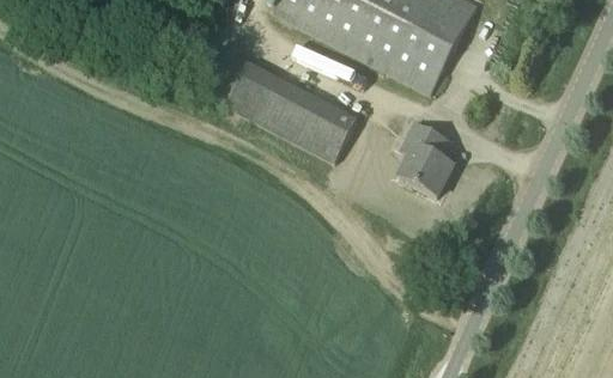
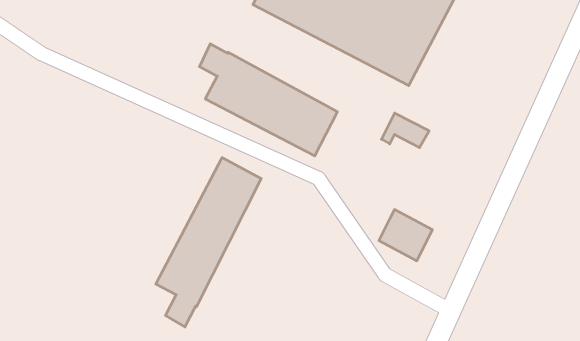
building: [399,142,453,194] -> [379,210,432,261]
building: none -> [156,158,261,327]

